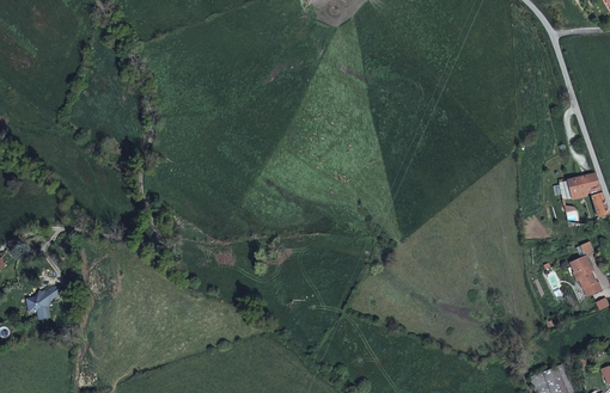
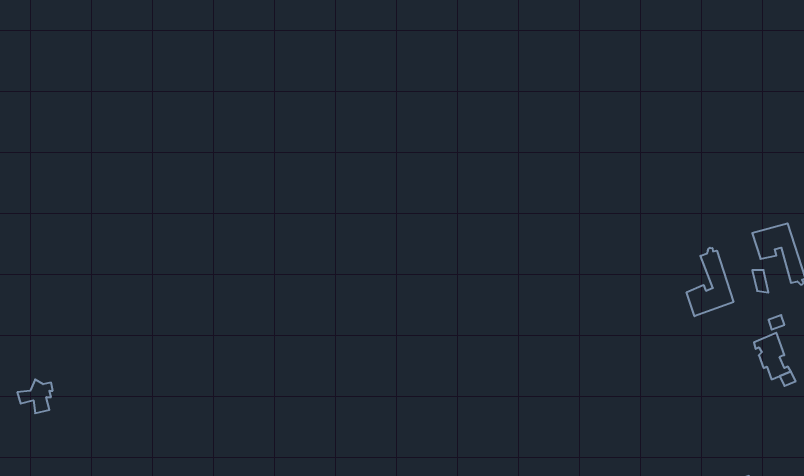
building: none -> [687,248,733,316]

